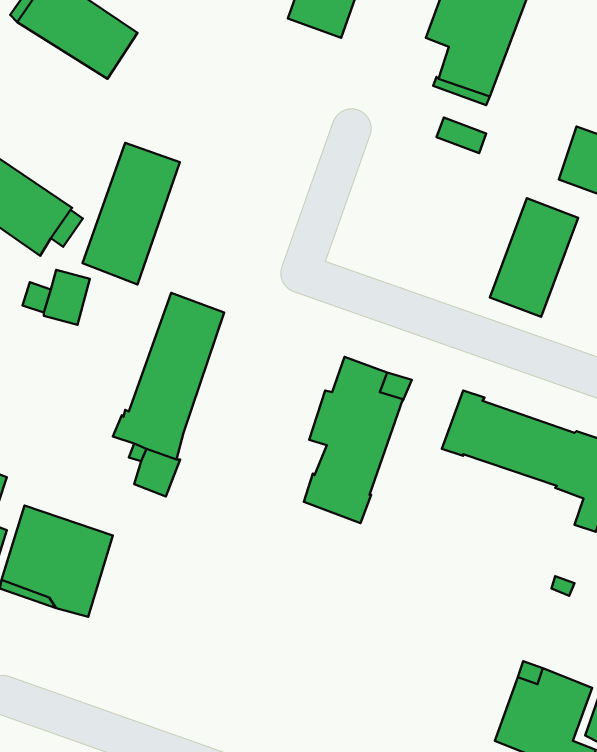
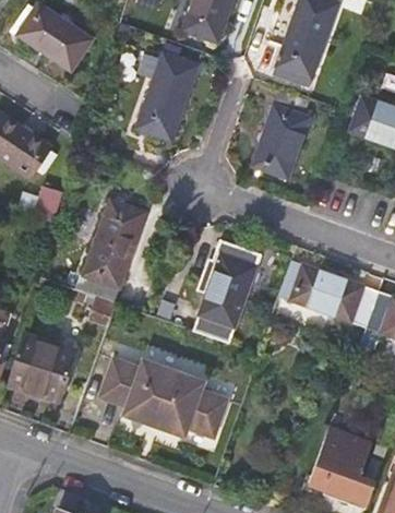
building: [83,143,180,284] -> [136,55,196,142]
building: [490,198,578,317] -> [252,107,307,180]
building: none -> [100,359,228,438]

